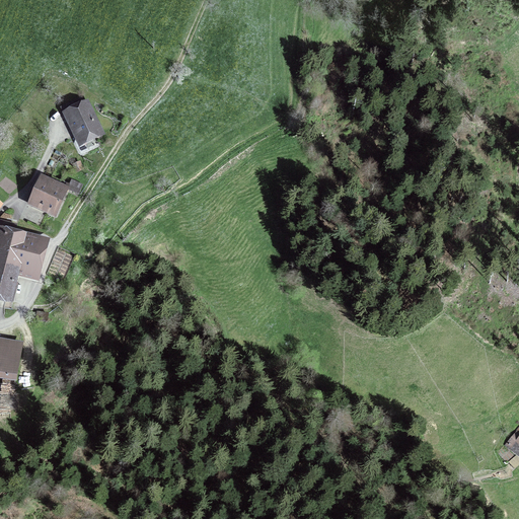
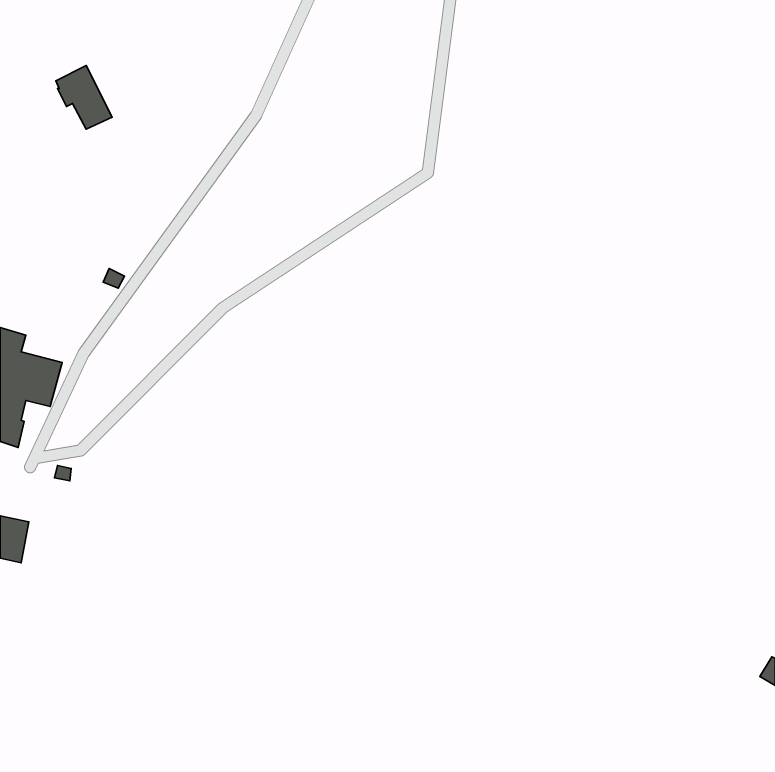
building: [62,97,99,140] -> [56,66,112,129]
building: [32,182,64,212] -> none

